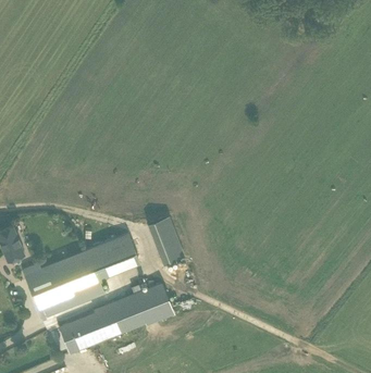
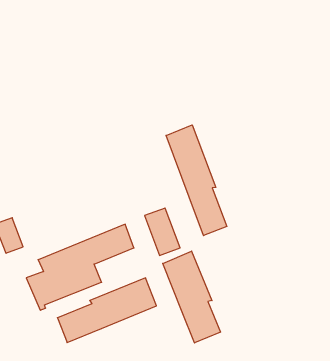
building: none -> [166,125,227,236]
building: none -> [163,251,220,343]

